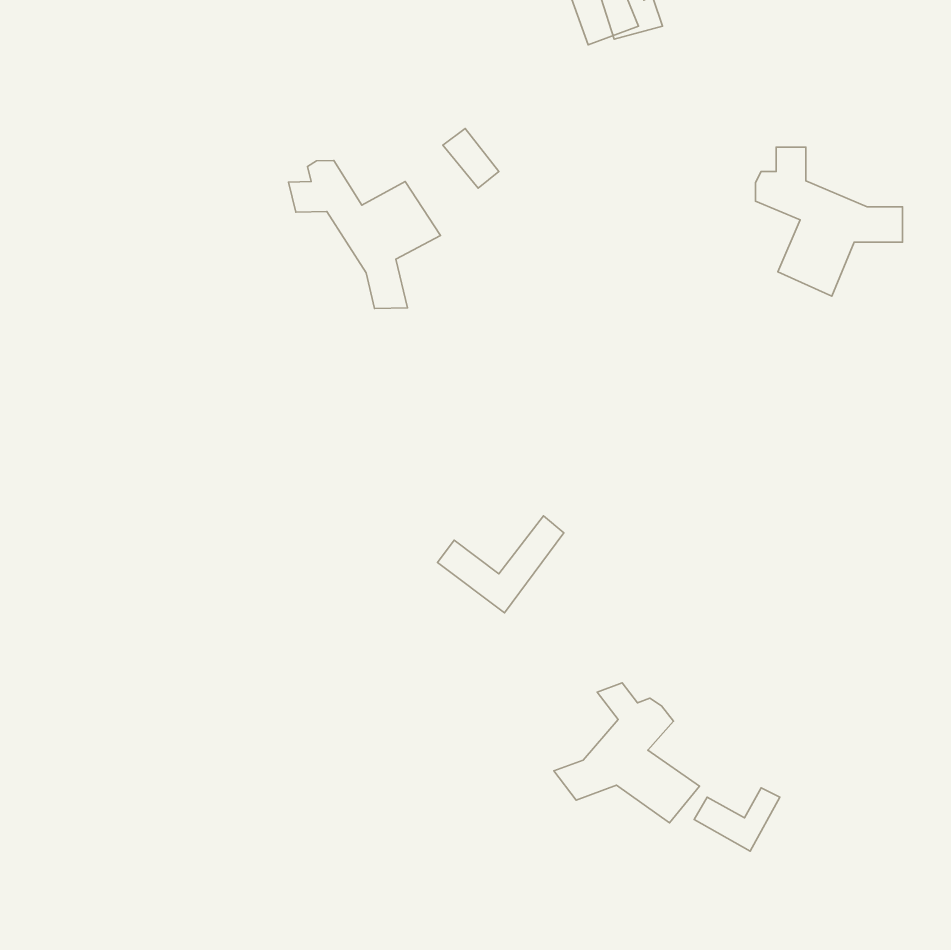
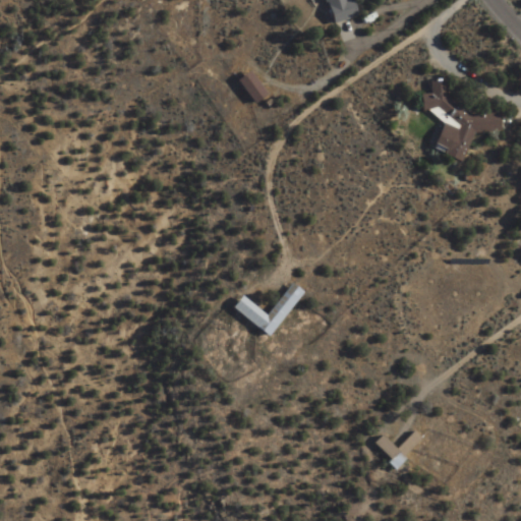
building: [289,160,441,309] -> none
building: [554,683,699,823] -> none

